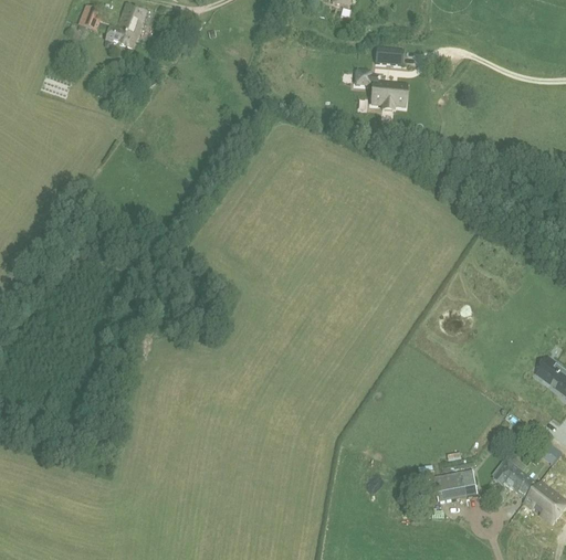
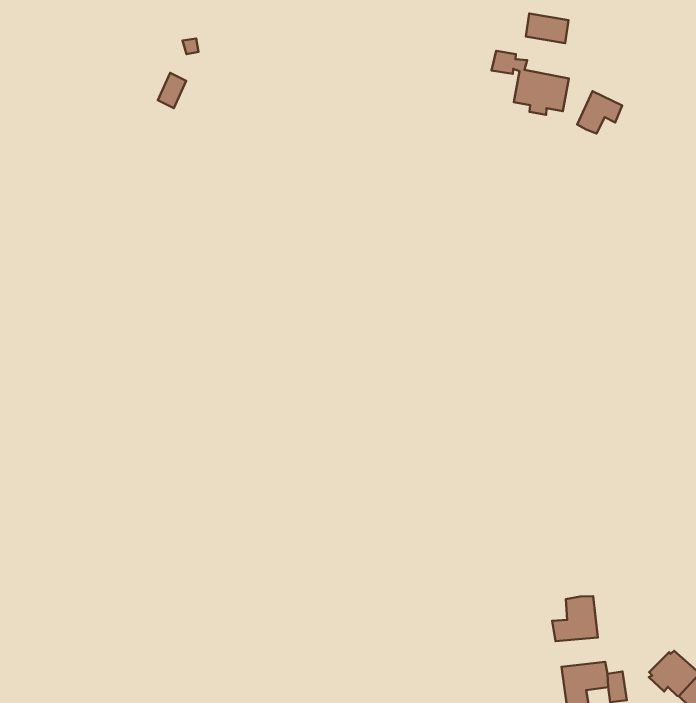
building: none -> [577,91,622,133]
building: none -> [552,596,598,641]

